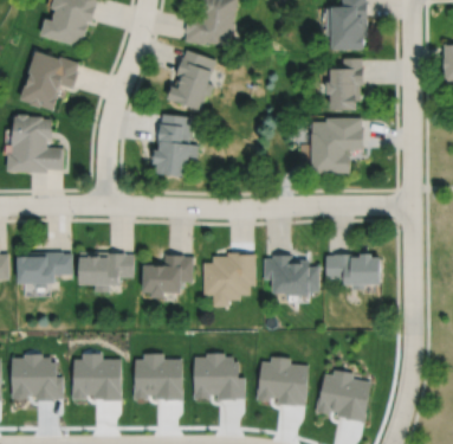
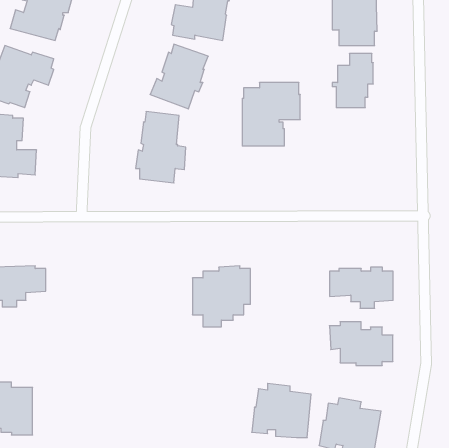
building: [311,116,363,173] -> [242,83,300,146]
building: [77,251,132,292] -> none
building: [142,253,193,297] -> none
building: [263,255,319,294] -> [329,322,393,365]
building: [134,353,181,399] -> none
building: [193,353,244,400] -> none
building: [71,354,119,401] -> none

